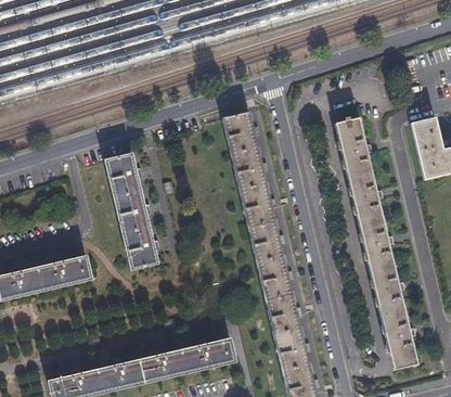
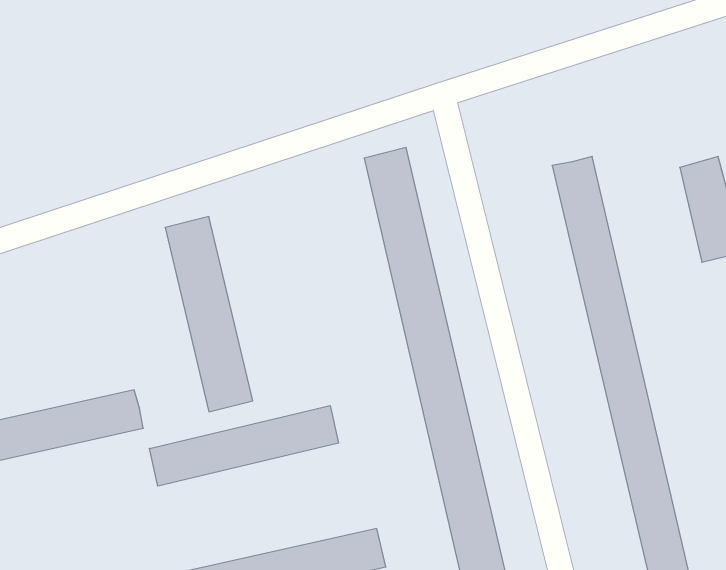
building: none -> [149,406,339,486]

